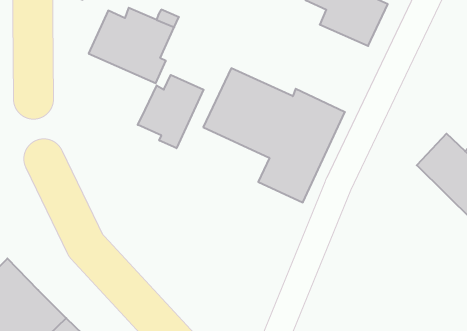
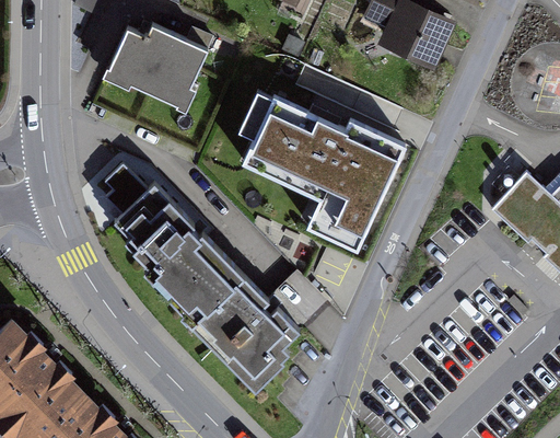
building: [138,75,204,148] -> none
building: none -> [101,158,300,390]

